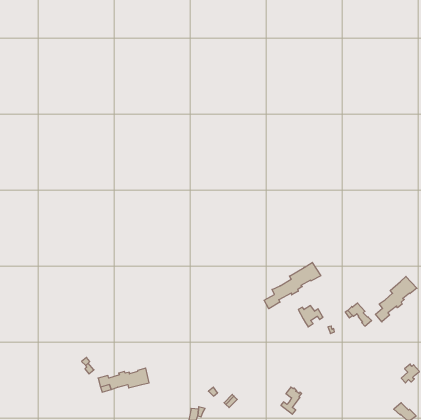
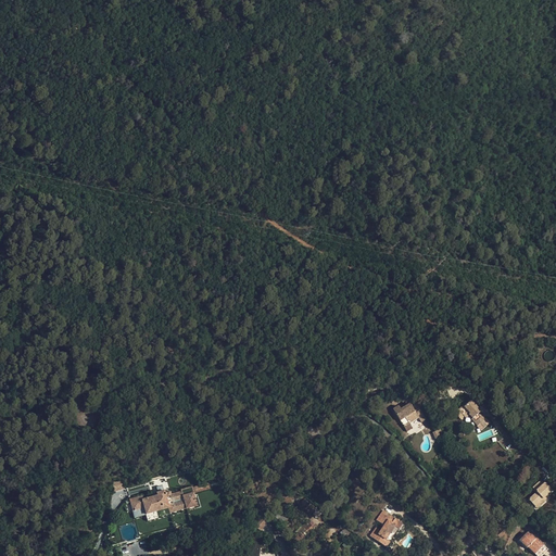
building: [264,262,321,309] -> none
building: [375,276,417,322] -> none

